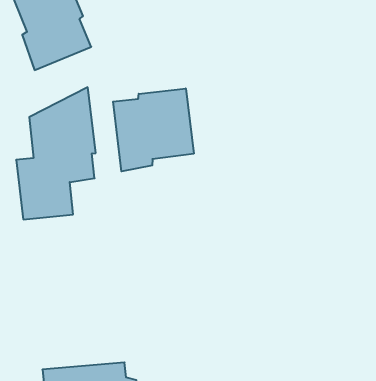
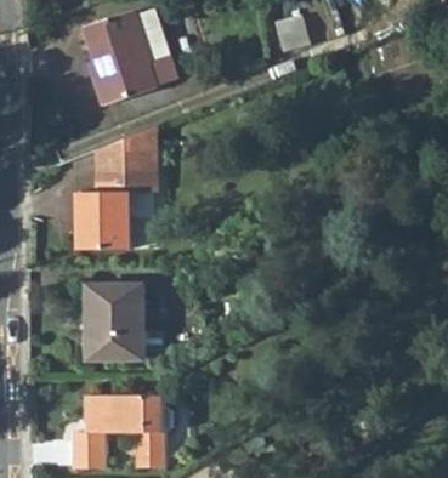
building: [113,88,194,171] -> none
building: none -> [85,288,159,357]

